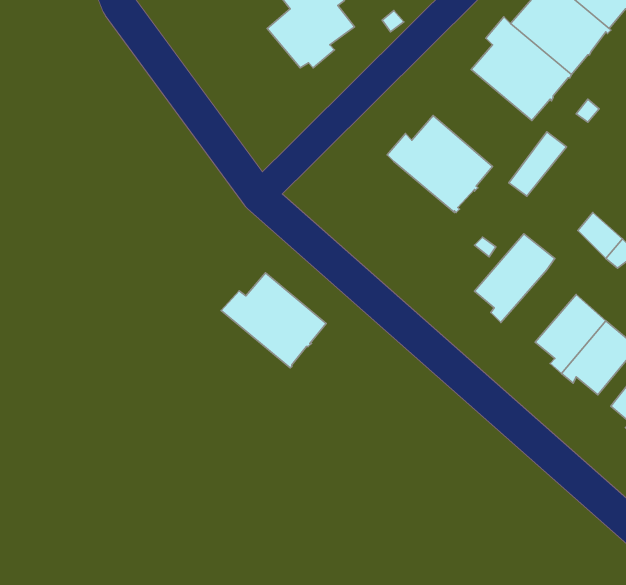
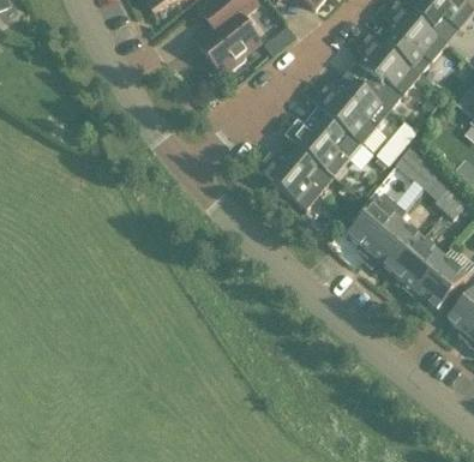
building: none -> [313,73,390,144]
building: none -> [396,148,437,191]
building: none -> [367,220,422,272]
building: [221,273,326,368] -> [257,140,334,210]

